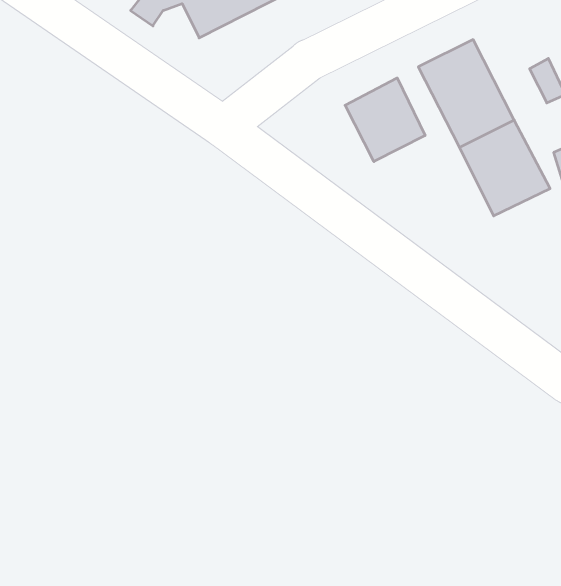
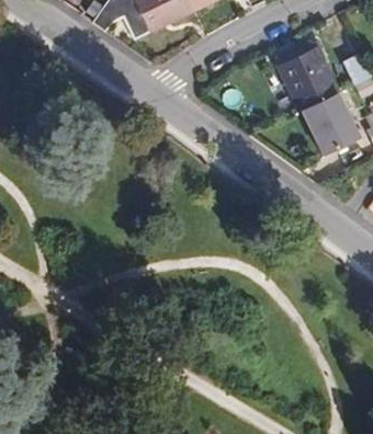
building: [345,78,425,162] -> none

